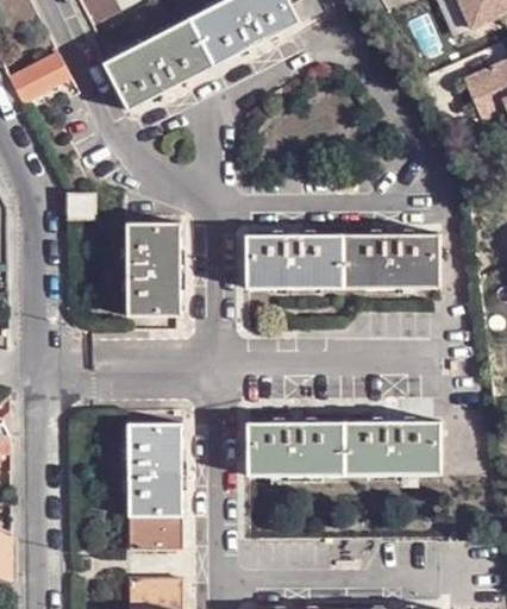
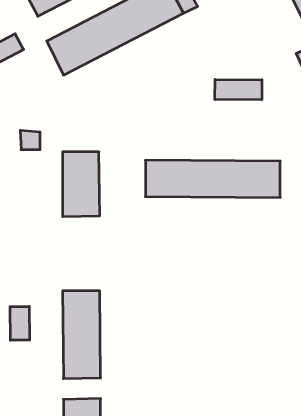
building: none -> [215,79,262,100]
building: [245,421,439,475] -> none
building: none -> [10,306,30,340]

